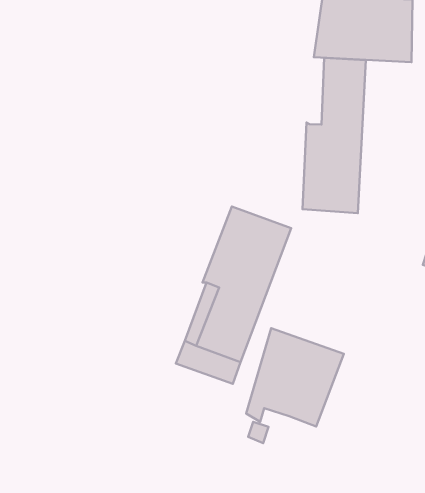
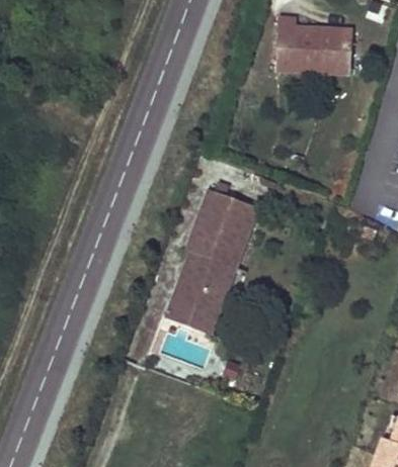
building: [302,58,366,213] -> none
building: [246,328,344,427] -> none

